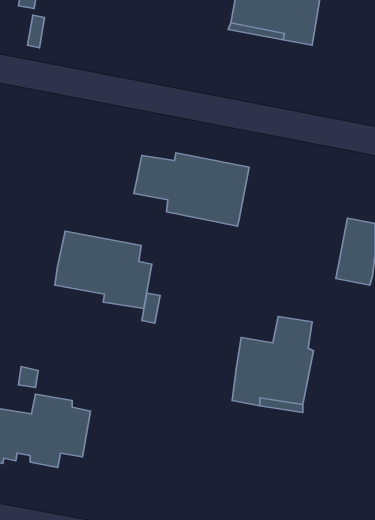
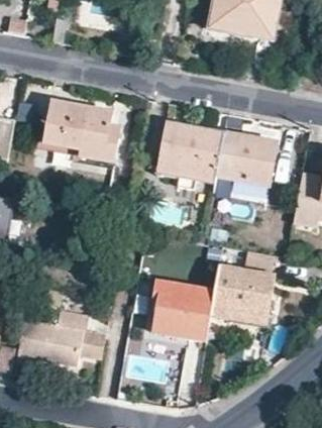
building: none -> [216,134,275,185]
building: [55,231,152,309] -> [43,101,118,160]
building: none -> [154,281,214,340]

